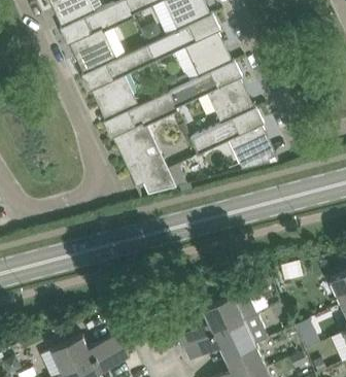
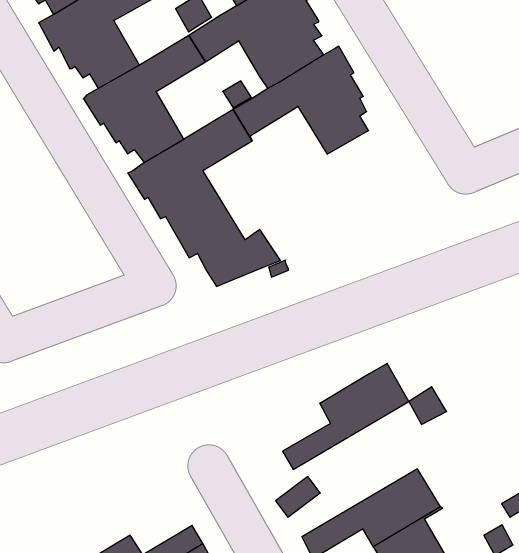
building: [191,107,271,170] -> none
building: [178,290,255,347] -> [283,363,409,469]

